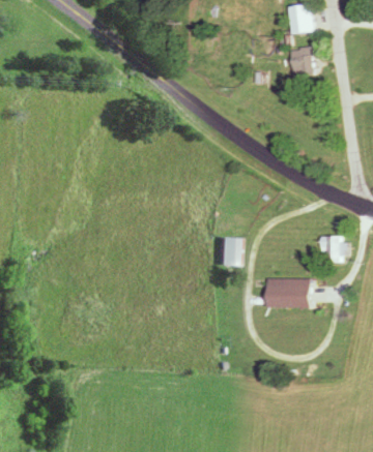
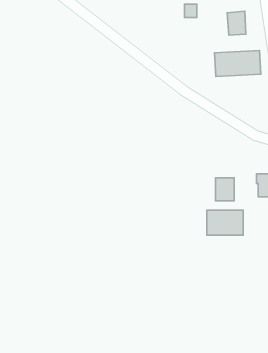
building: none -> [214,50,261,77]
building: [220,238,241,265] -> [216,178,234,201]

